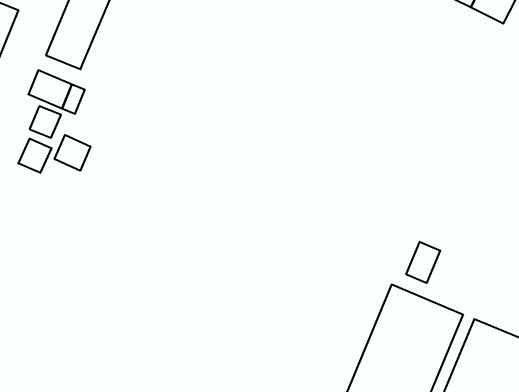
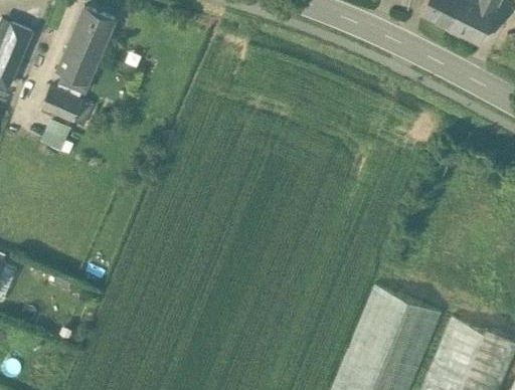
building: [55,135,90,171] -> none
building: [18,139,52,173] -> none
building: [406,242,440,283] -> none

